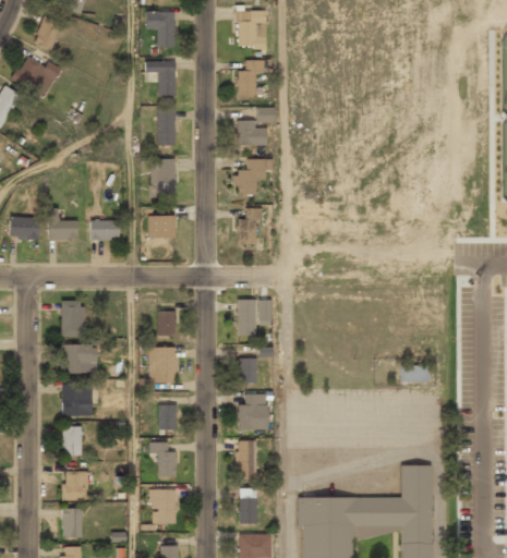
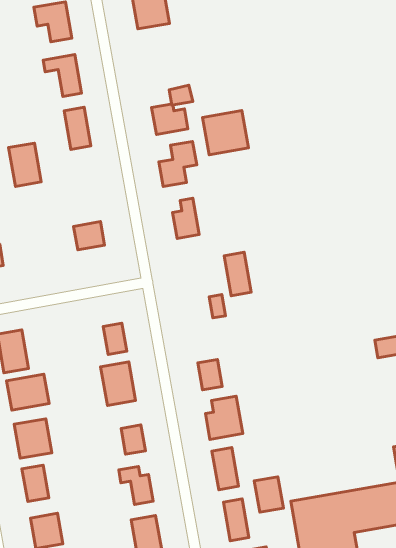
building: [238,60,265,97] -> none
building: none -> [203,110,249,155]
building: [152,159,176,195] -> [9,143,41,186]
building: [89,220,120,239] -> none
building: [238,300,256,337] -> [224,252,251,296]
building: none -> [254,477,283,512]

